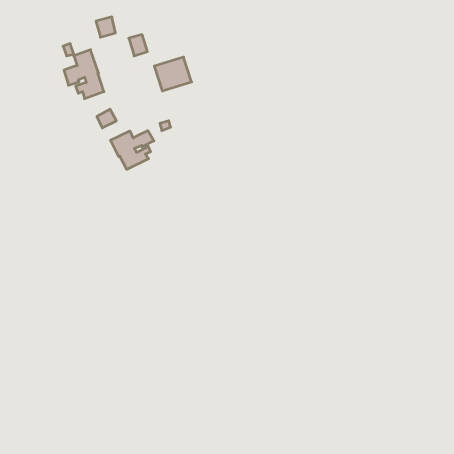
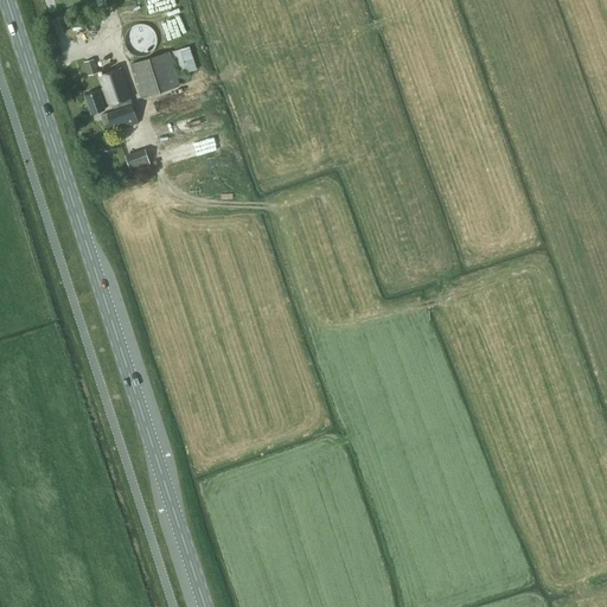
building: [154,57,192,91] -> [130,52,180,97]
building: [111,131,154,169] -> none

